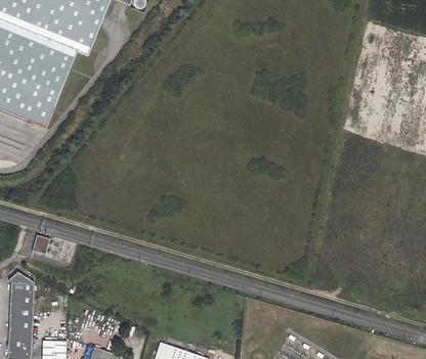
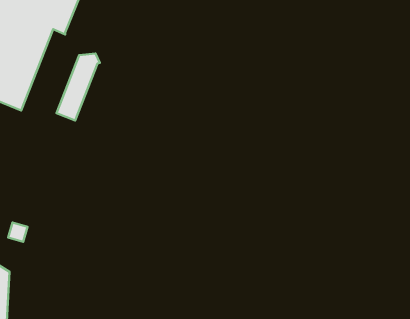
building: none -> [56,53,100,121]

